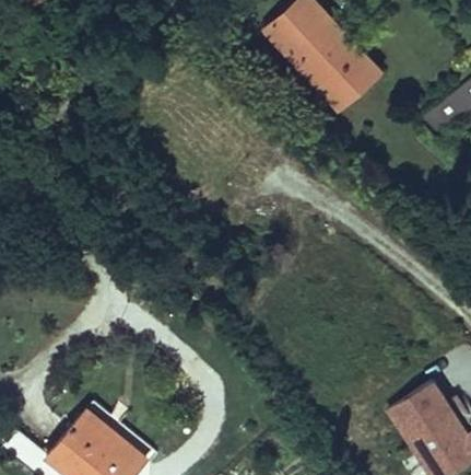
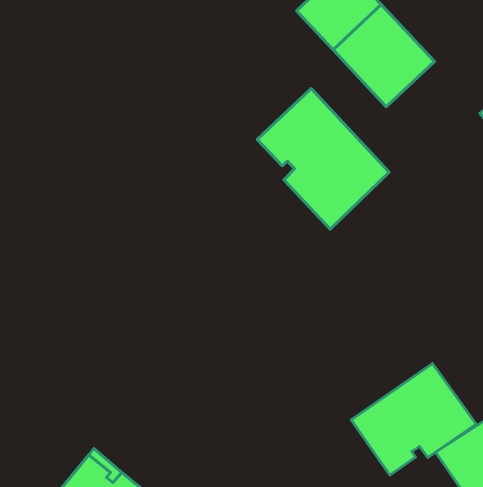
building: none -> [257,89,389,229]
building: none -> [351,364,476,475]

